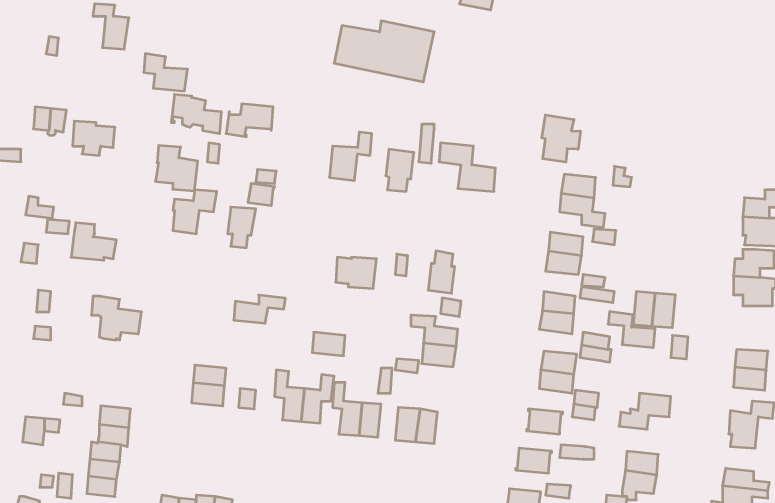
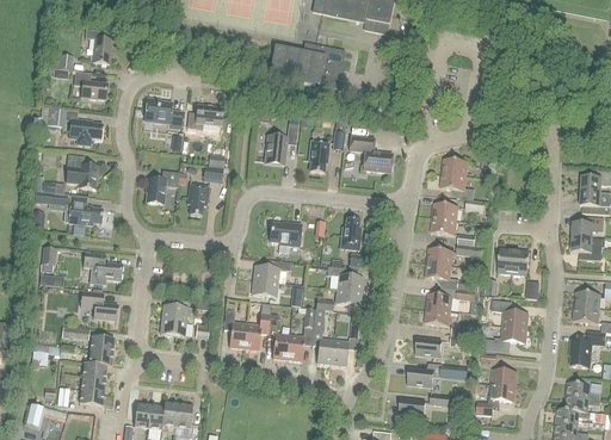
building: [144,54,188,91] -> [74,70,107,99]
building: [542,115,580,162] -> none
building: [155,145,198,191] -> [66,154,98,188]
building: [234,295,285,323] -> [253,260,292,281]
building: [608,312,655,348] -> [490,300,526,328]
building: none -> [80,291,117,320]

